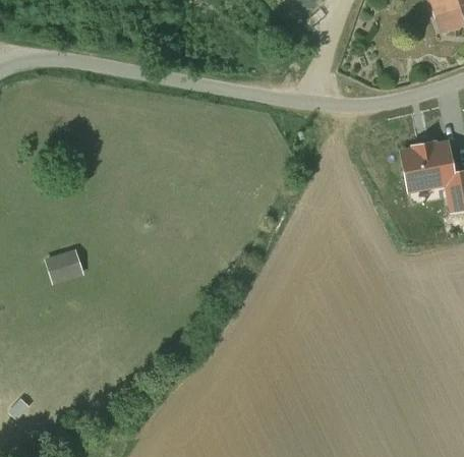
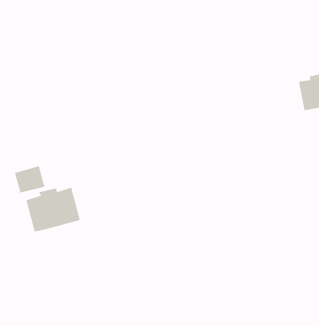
building: none -> [26,187,81,232]

